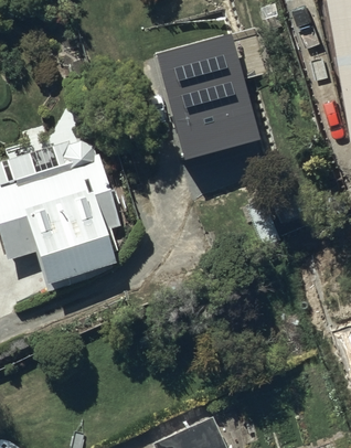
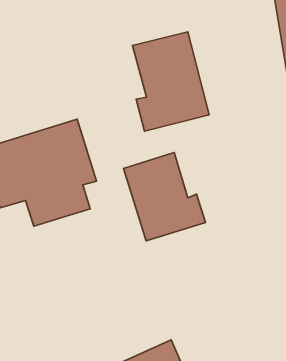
building: none -> [123,152,205,241]

